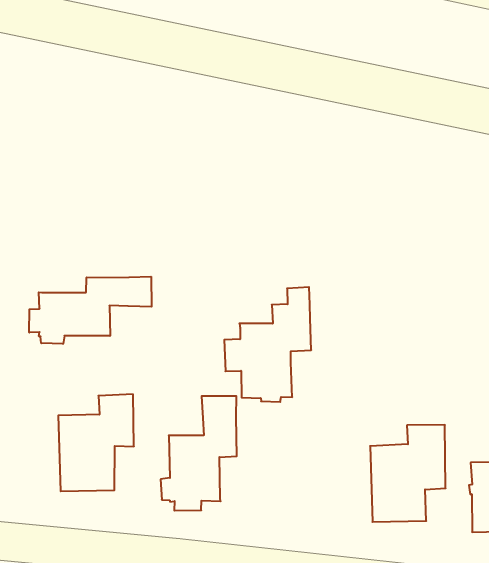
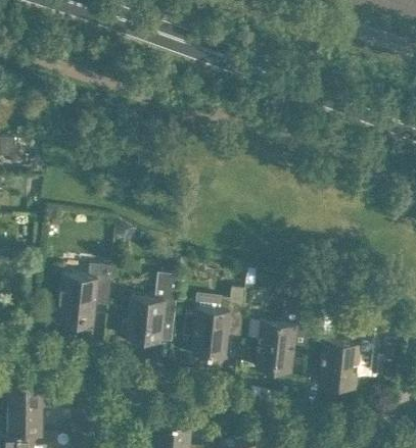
building: [29,277,152,344] -> none
building: [224,287,311,402] -> [184,290,245,362]

